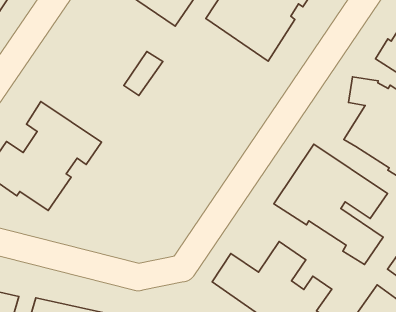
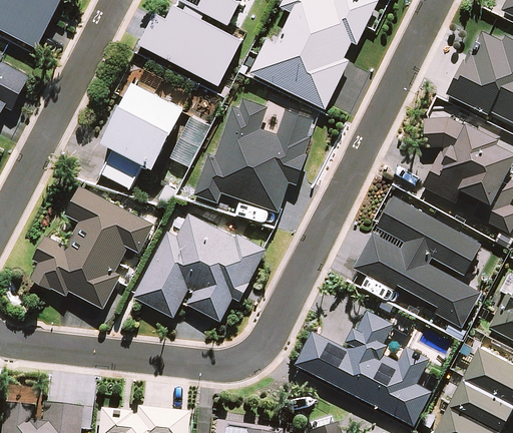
building: none -> [101,82,183,188]
building: none -> [194,100,312,212]
building: none -> [134,214,265,321]

